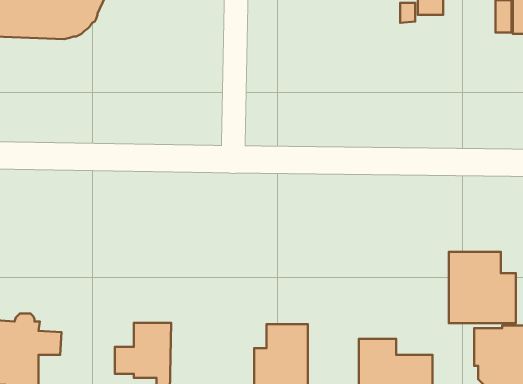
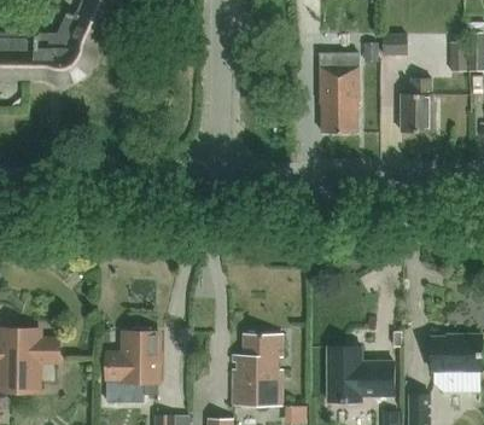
building: none -> [320,53,361,132]
building: none -> [401,77,433,132]
building: [449,252,516,323] -> none

